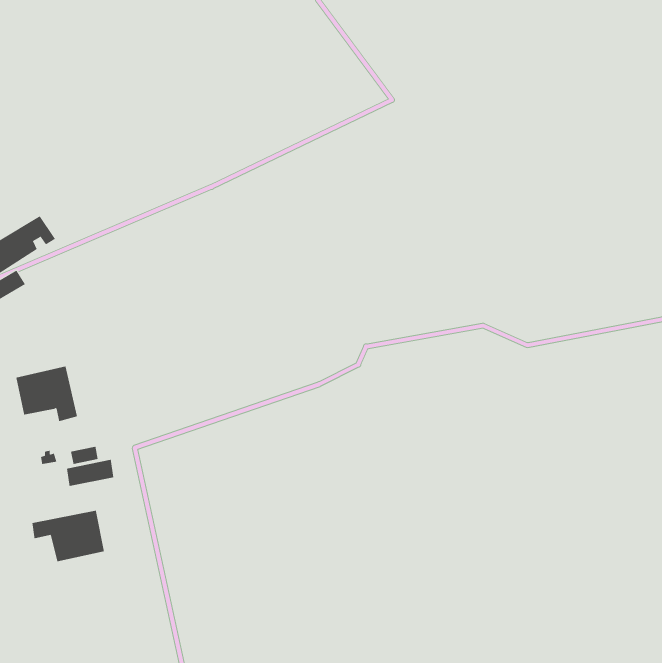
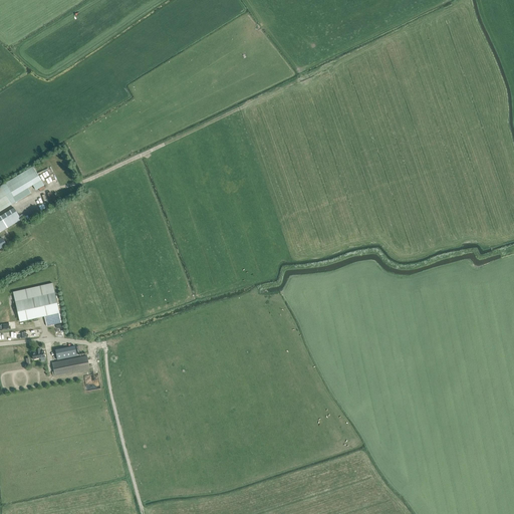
building: [32,510,105,562] -> none

